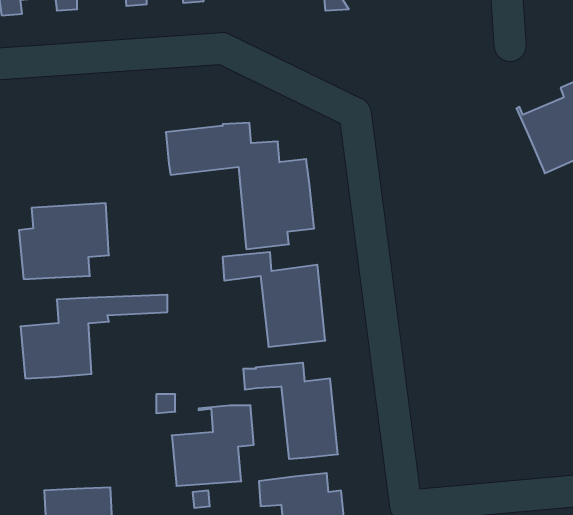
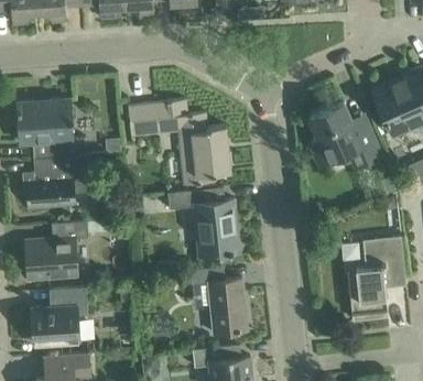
building: none -> [18,98,87,159]
building: none -> [308,101,381,166]
building: none -> [347,236,406,320]
building: [172,405,254,486] -> [31,287,88,344]

